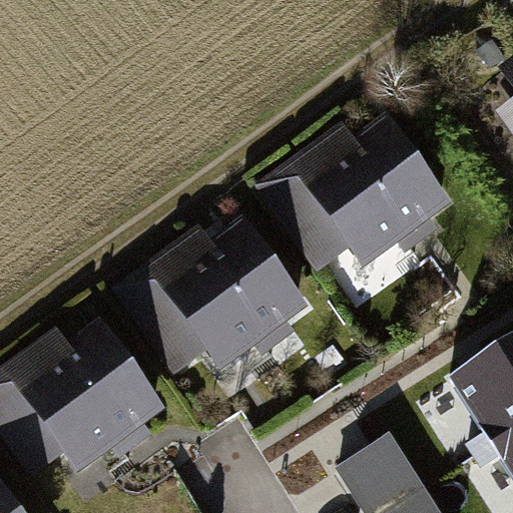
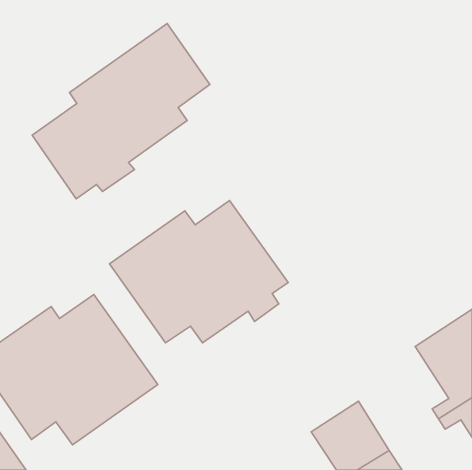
building: none -> [32,24,210,199]
building: [264,112,460,275] -> none

